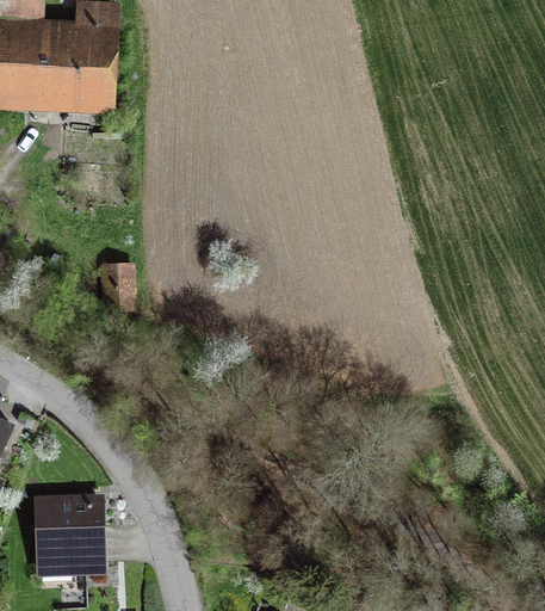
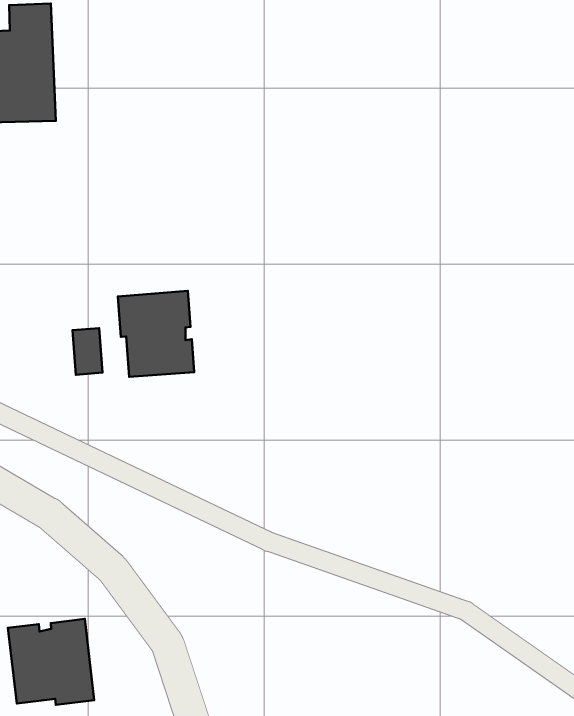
building: none -> [118,291,194,377]

